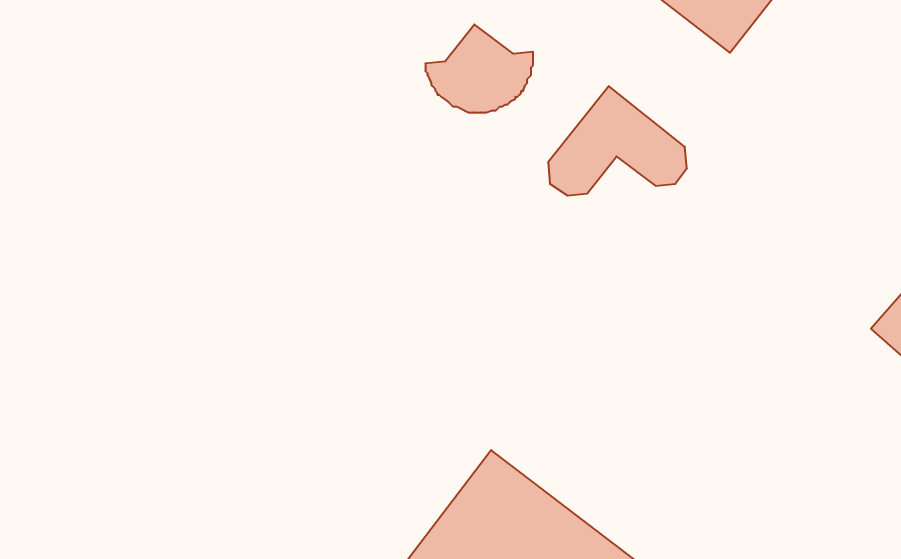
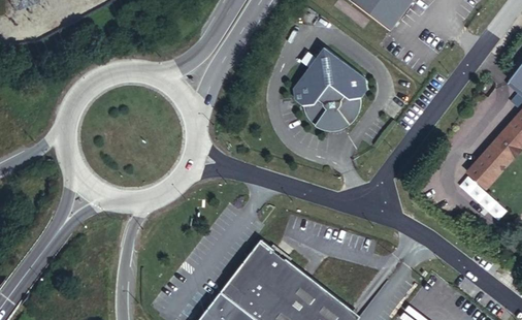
building: [425,24,533,112] -> [303,85,360,131]

